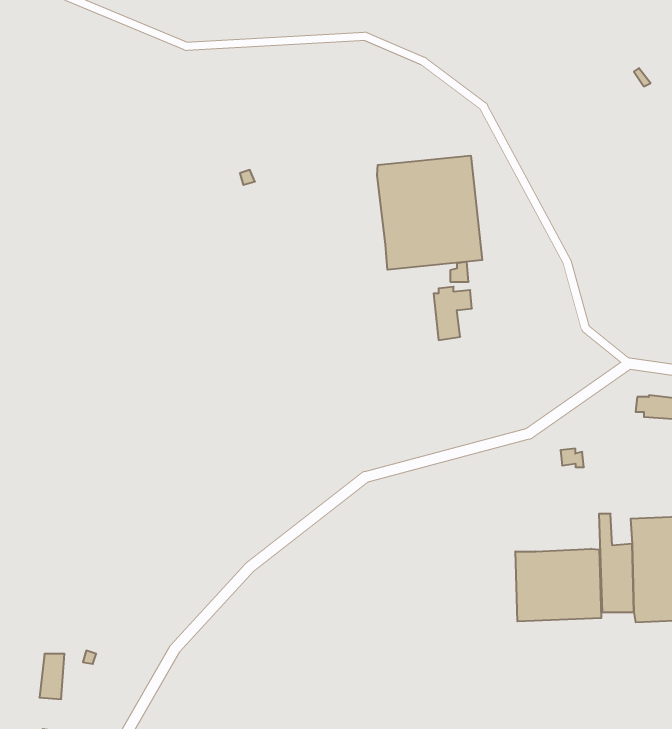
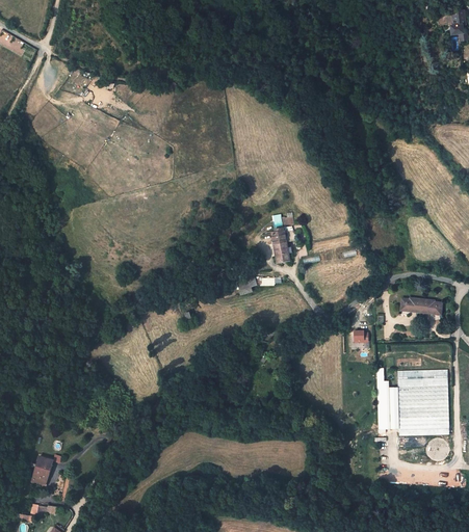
building: [377,156,482,270] -> none
building: [515,549,601,621] -> none

